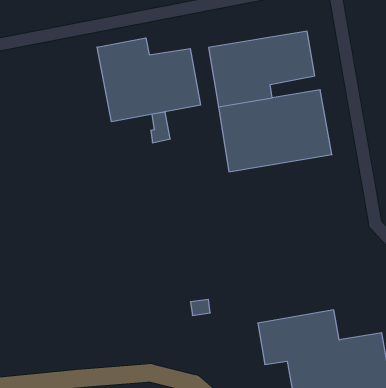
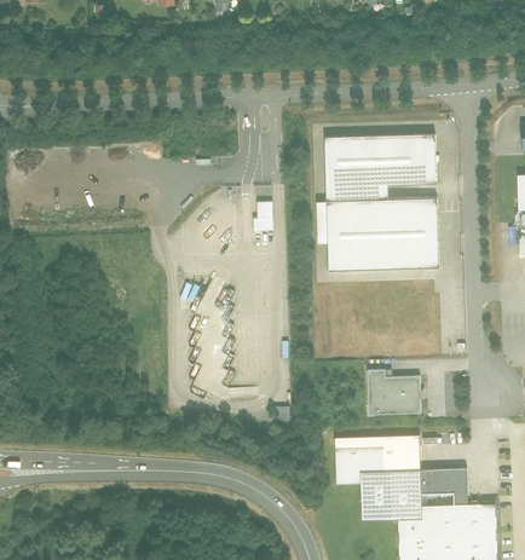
building: [97,38,201,122] -> none
building: none -> [364,368,417,412]

